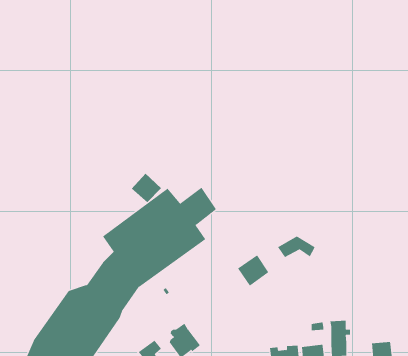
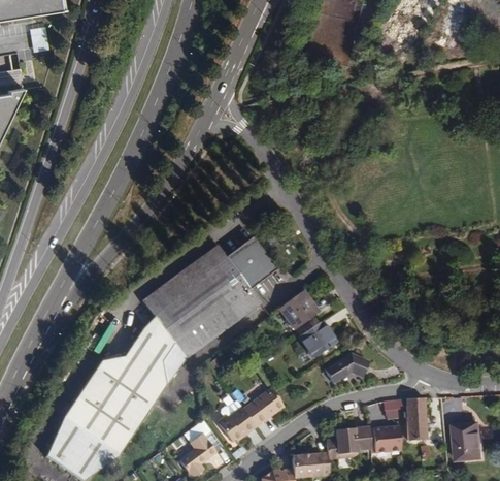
building: [131,173,162,203] -> none
building: none -> [278,289,320,330]
building: [277,236,315,258] -> [322,356,366,382]
building: none -> [242,386,284,425]

